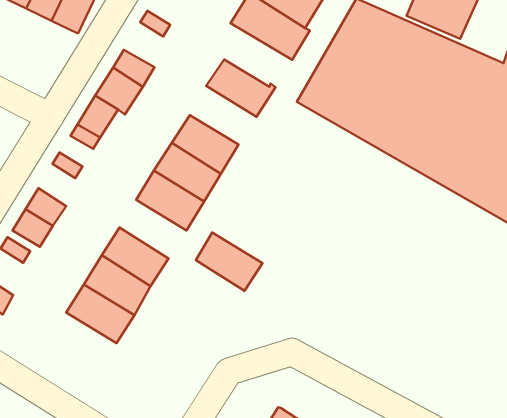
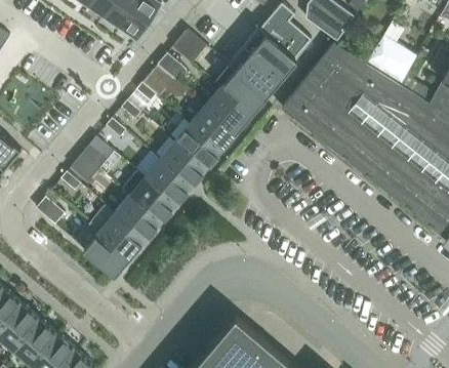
building: none -> [229,46,283,95]
building: none -> [206,87,252,131]
building: [196,232,263,291] -> [146,159,192,203]
building: none -> [84,230,131,275]

